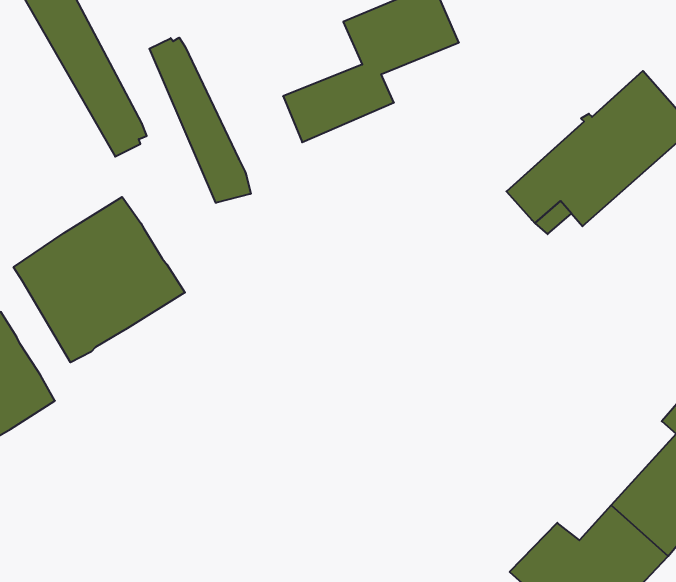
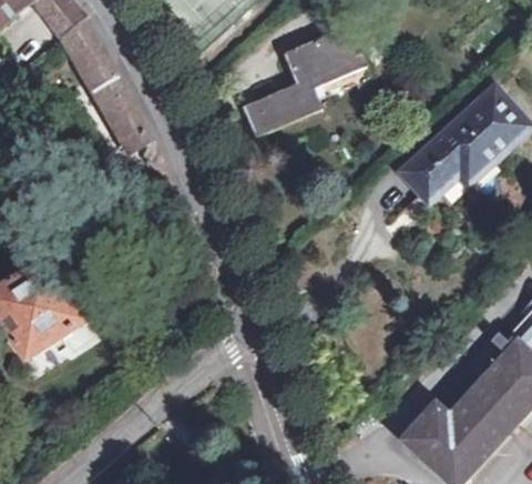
building: [149,38,251,203] -> none
building: [14,197,185,362] -> none

